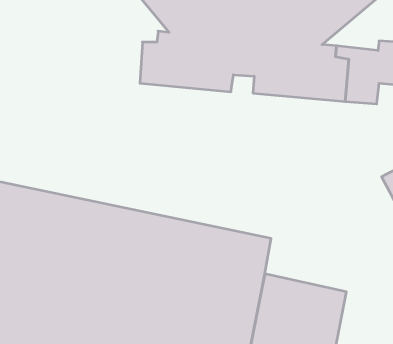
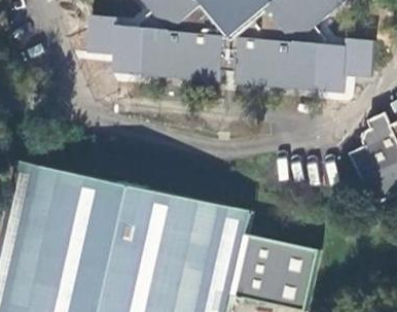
building: none -> [86,16,157,74]

